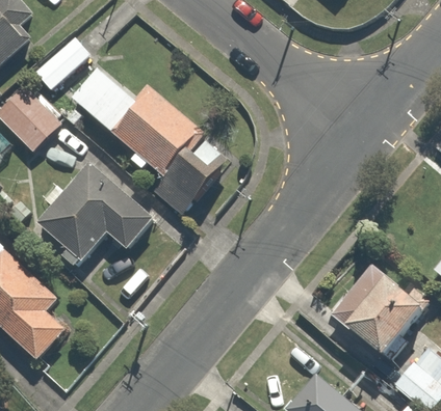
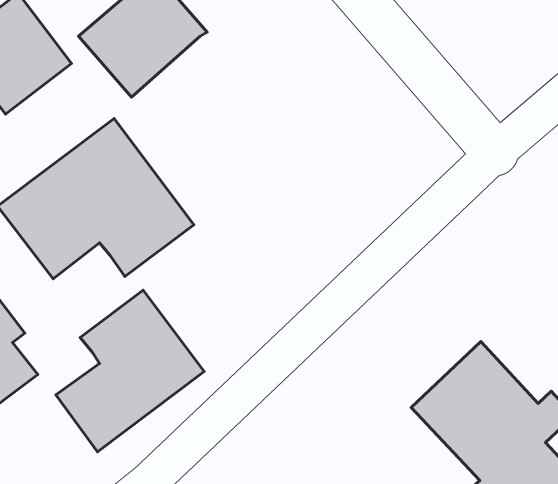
building: [110,89,231,202] -> none
building: none -> [56,290,204,452]

